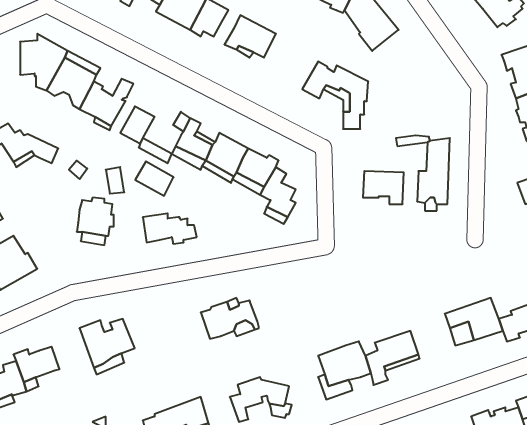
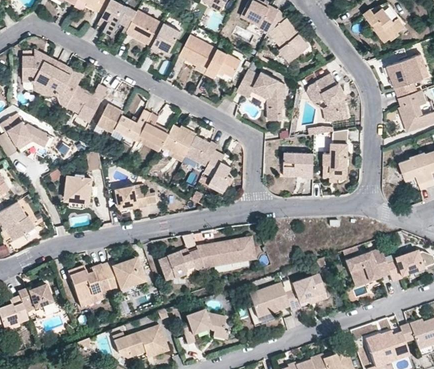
building: none -> [204,49,240,79]
building: none -> [310,73,348,121]
building: [135,161,174,196] -> [115,114,144,140]
building: none -> [195,238,253,267]
building: none -> [100,259,141,287]

